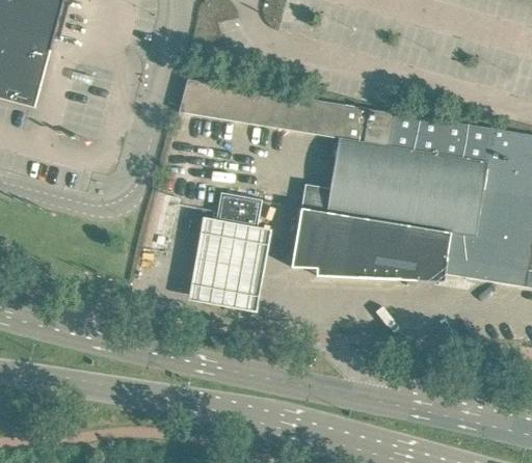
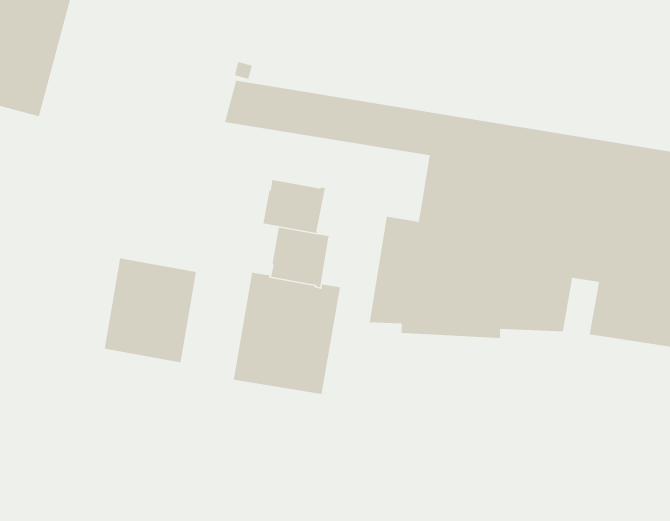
building: none -> [262,179,326,234]
building: none -> [104,257,197,363]

